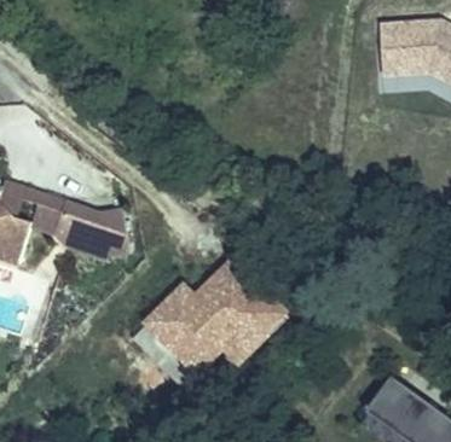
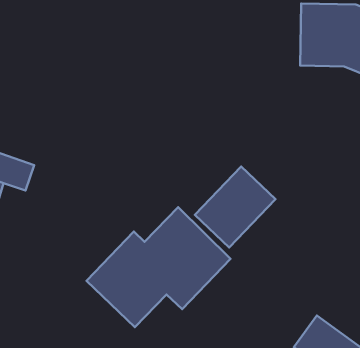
building: [57,203,127,257] -> none
building: none -> [195,167,275,248]

